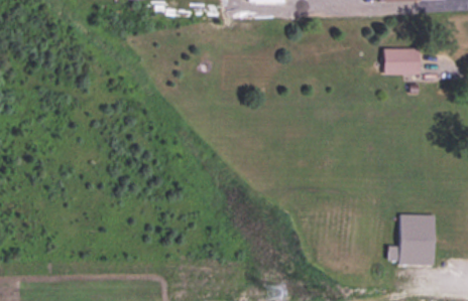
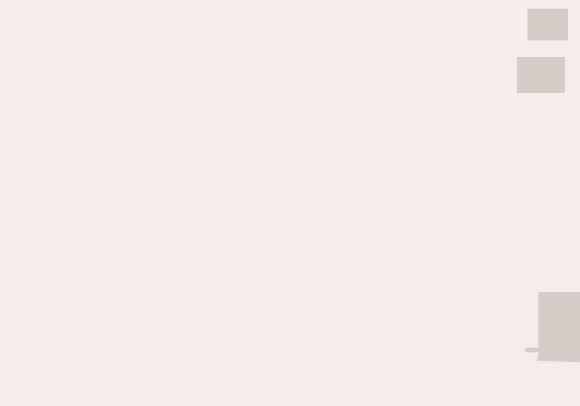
building: none -> [527,8,569,41]

